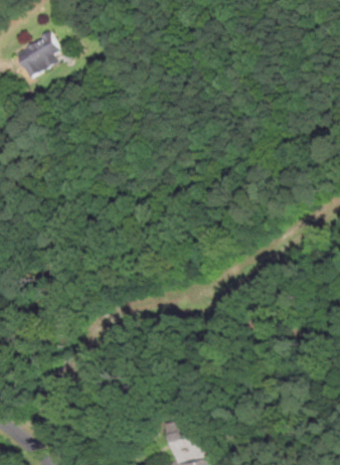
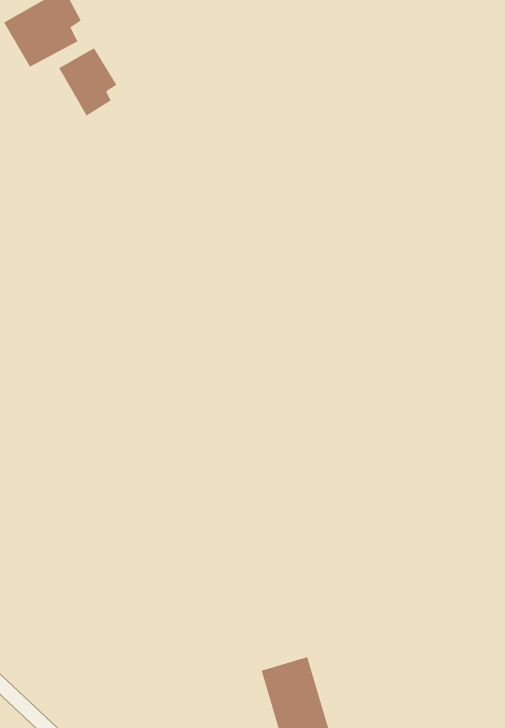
building: none -> [59,48,117,116]

